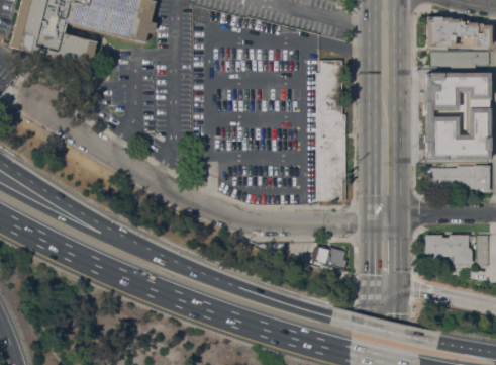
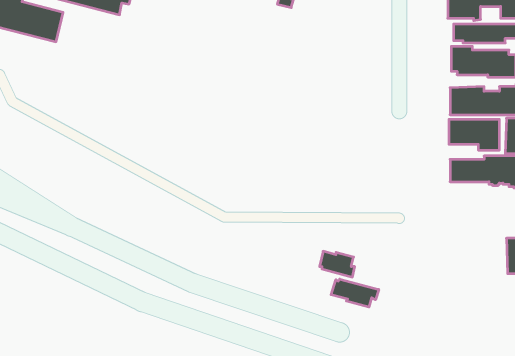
building: [315,60,345,201] -> none
building: [425,235,472,264] -> none
building: none -> [331,279,379,307]

